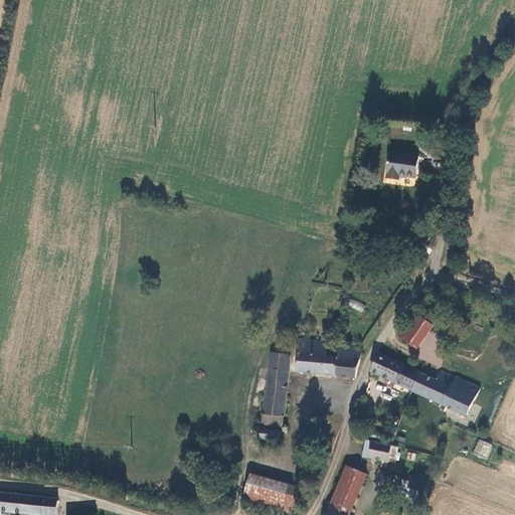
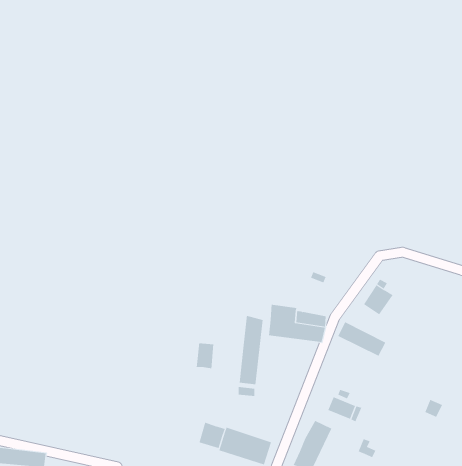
building: [386,156,419,185] -> none
building: [416,371,477,417] -> none
building: none -> [196,342,214,369]
building: none -> [199,422,225,449]

